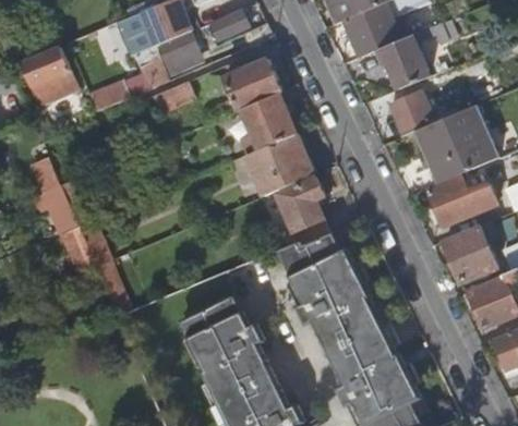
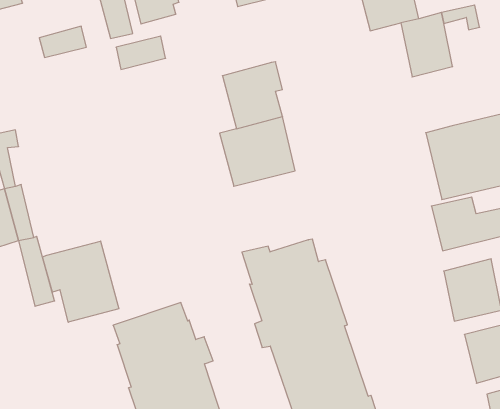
building: [200,61,279,125] -> none
building: [388,94,433,137] -> none
building: [257,175,329,247] -> none
building: none -> [42,241,119,322]

